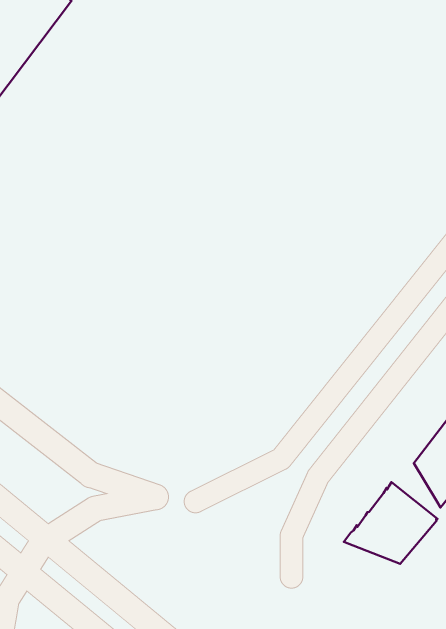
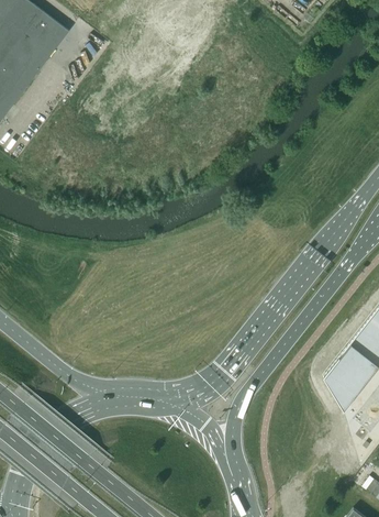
building: [344,482,438,564] -> none

